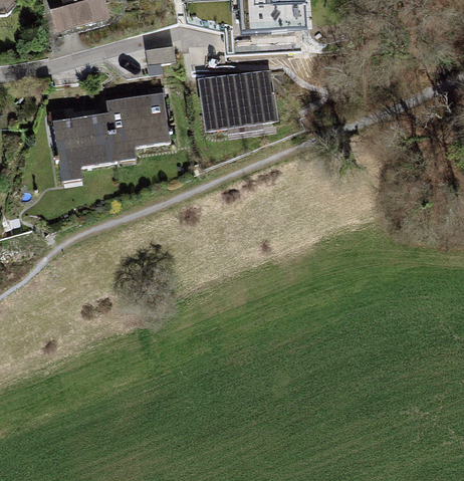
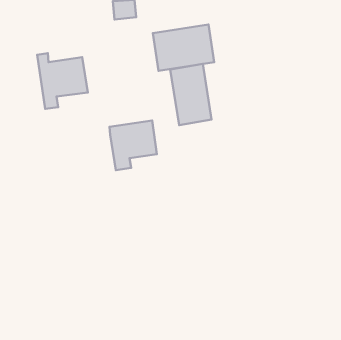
building: [108,95,168,158] -> [109,120,157,170]
building: none -> [170,64,212,125]

